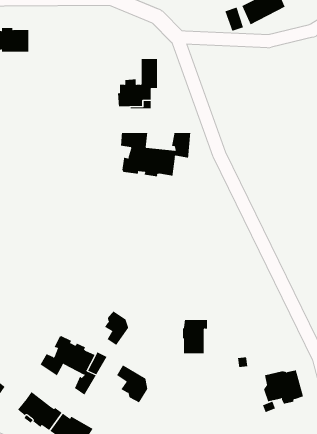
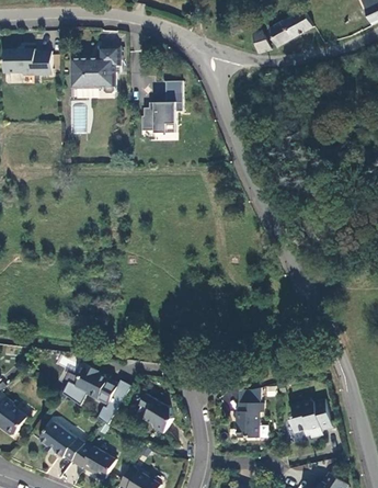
building: none -> [71,47,119,94]
building: [121,132,191,177] -> none
building: [104,310,129,346] -> none
building: [182,319,208,354] -> [236,402,262,438]

